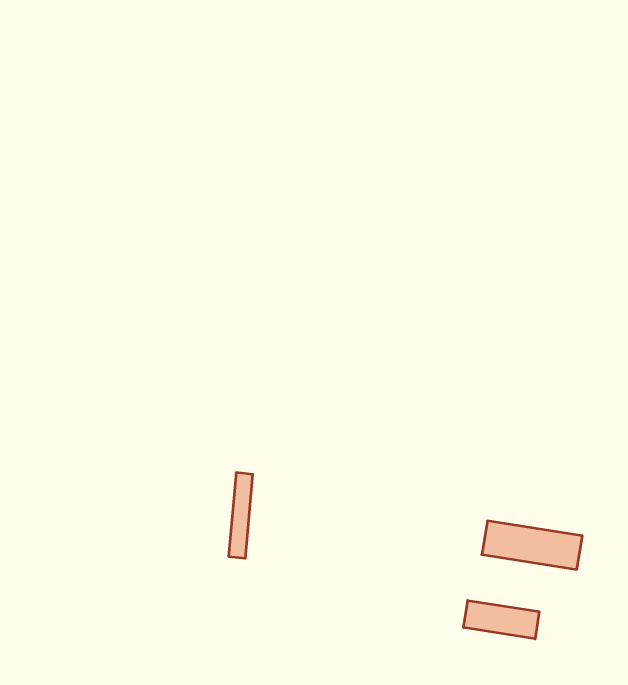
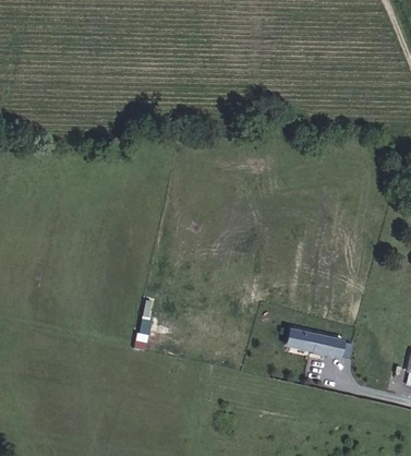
building: [464,600,539,639] -> none

